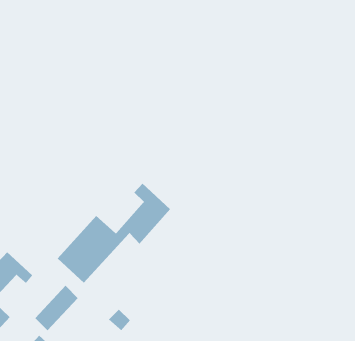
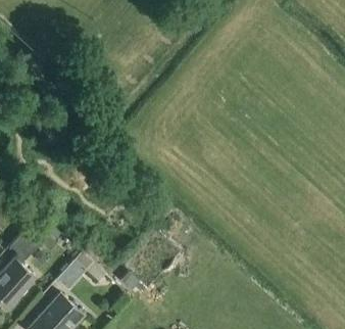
building: [57,183,171,283] -> none

